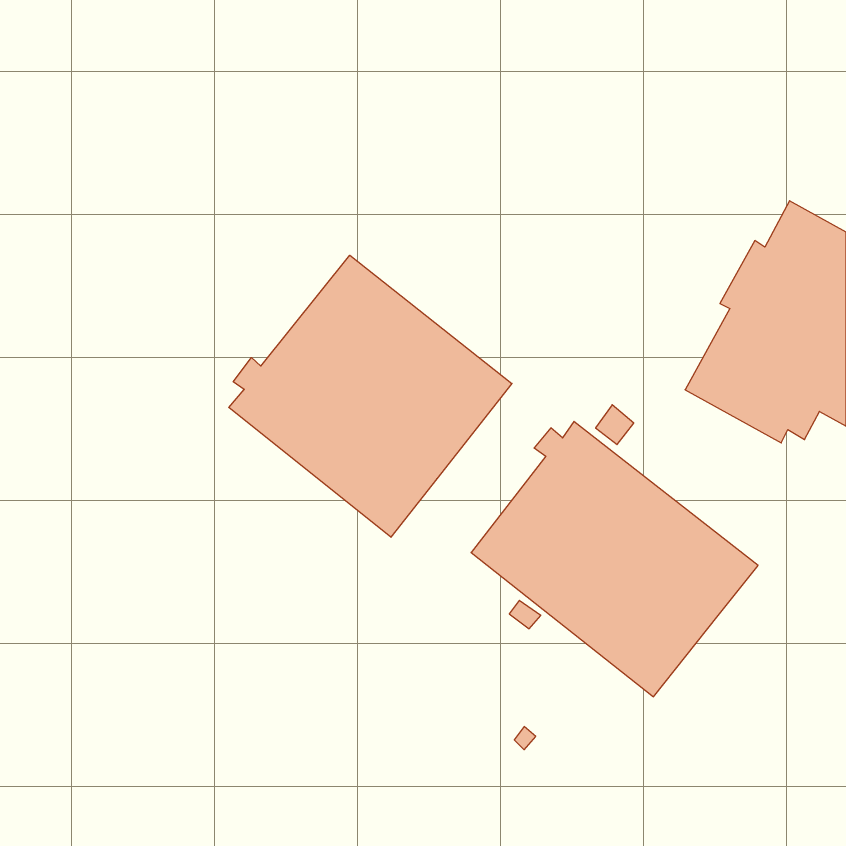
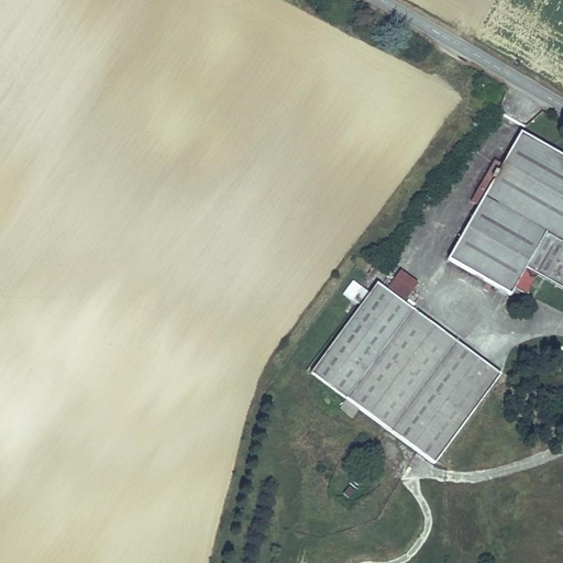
building: [229,255,512,537] -> none

